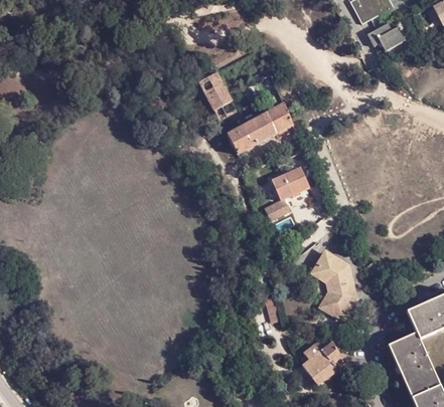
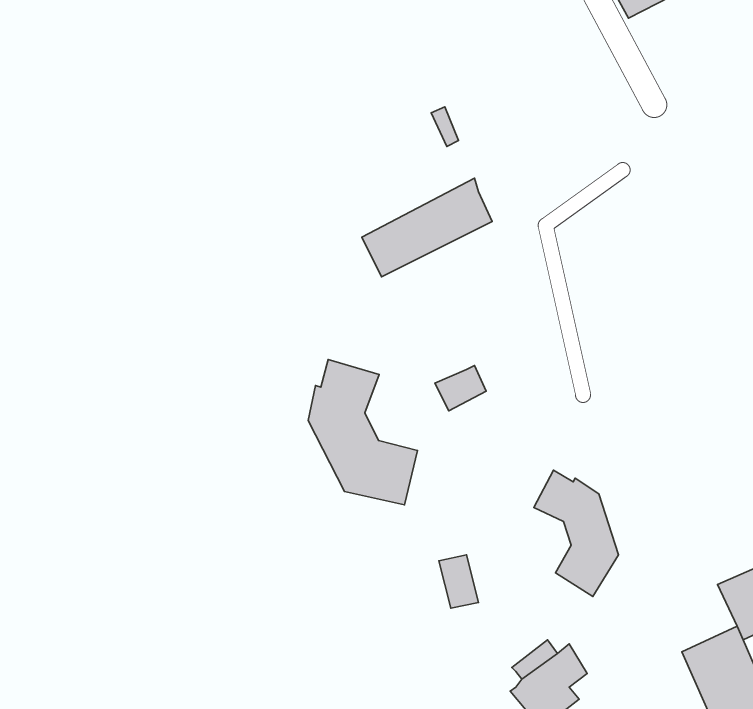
building: [368,23,406,52] -> none
building: [198,72,236,120] -> none
building: [271,167,308,201] -> none
building: none -> [308,359,417,505]

